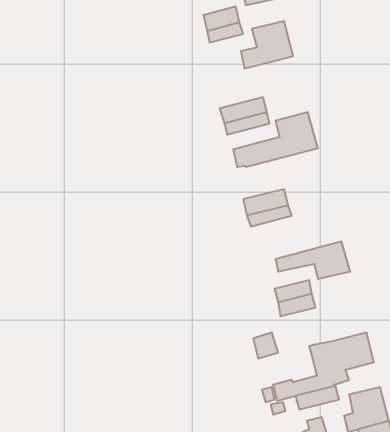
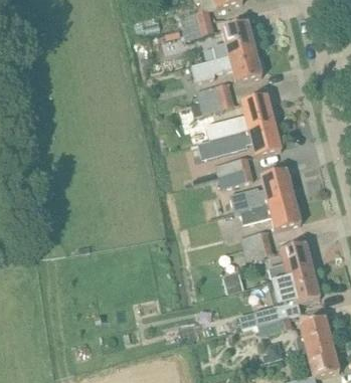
building: none -> [192,49,262,82]
building: none -> [217,124,282,156]
building: none -> [230,169,295,213]
building: none -> [269,242,315,279]

